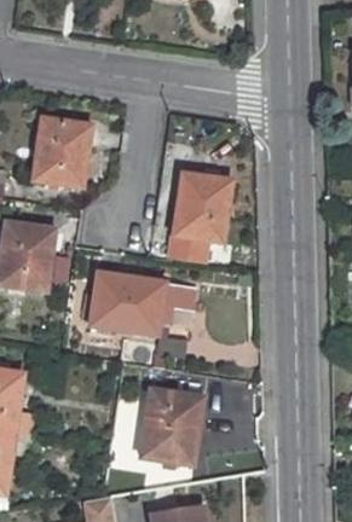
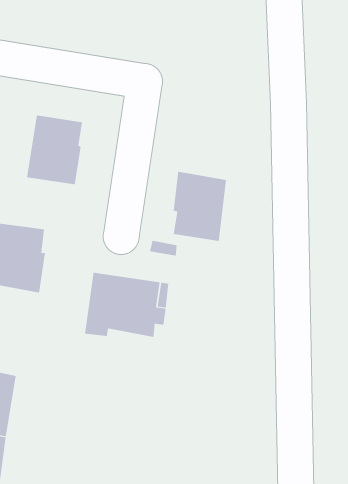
building: [140,389,200,464] -> none

